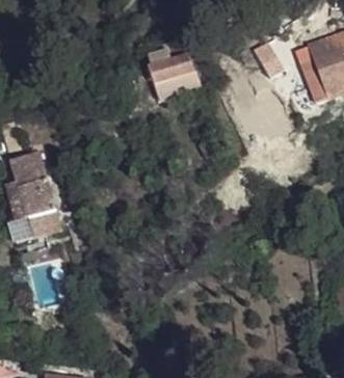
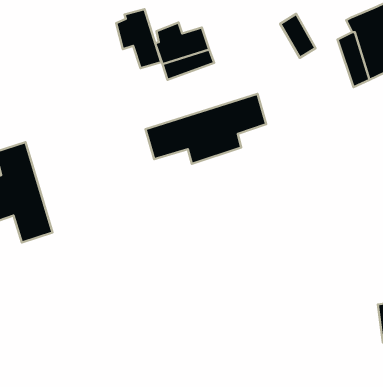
building: none -> [116,9,161,68]
building: none -> [146,94,266,164]

